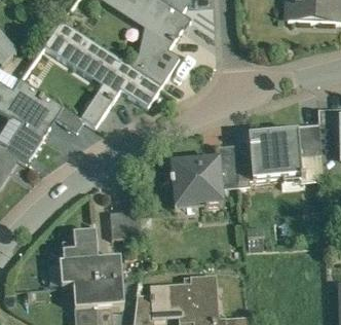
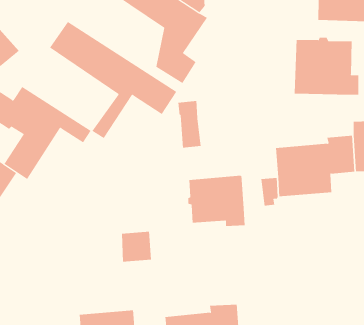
building: none -> [294,37,359,95]
building: [217,147,238,190] -> [178,100,202,148]
building: [59,224,121,287] -> none

